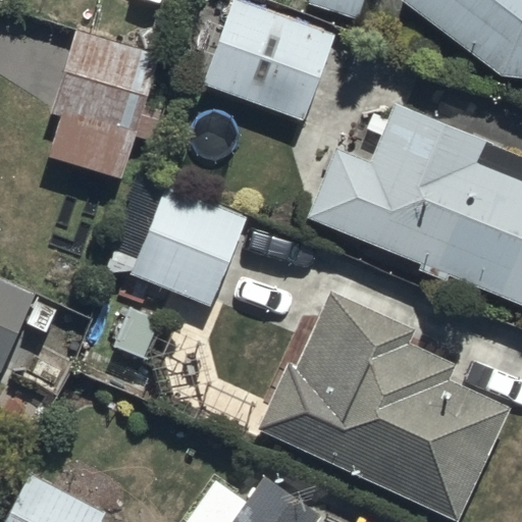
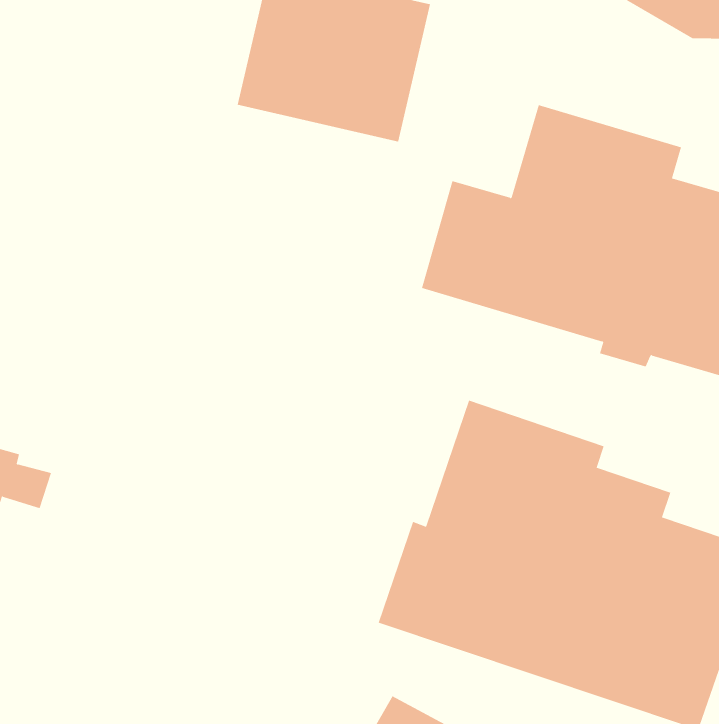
building: [51,32,159,181] -> none
building: [117,184,247,302] -> none

